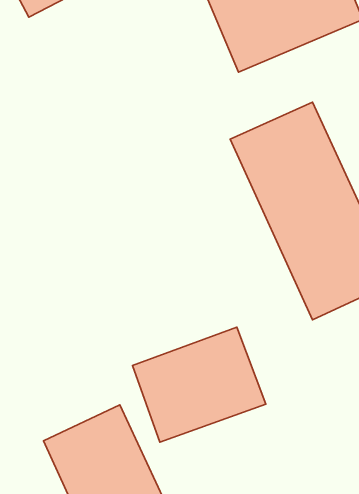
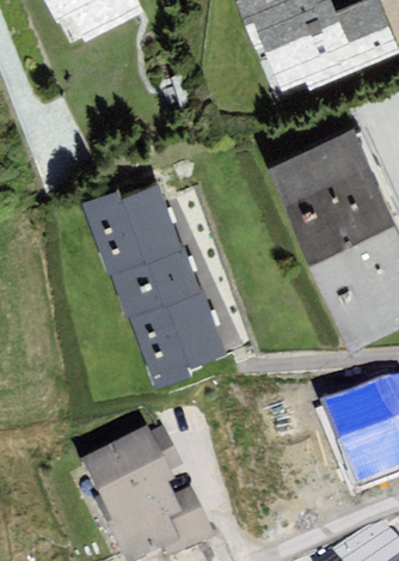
building: none -> [92,173,223,383]
building: [132,327,266,442] -> none

